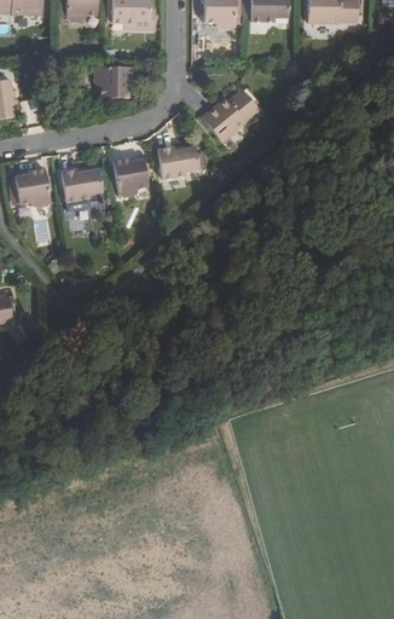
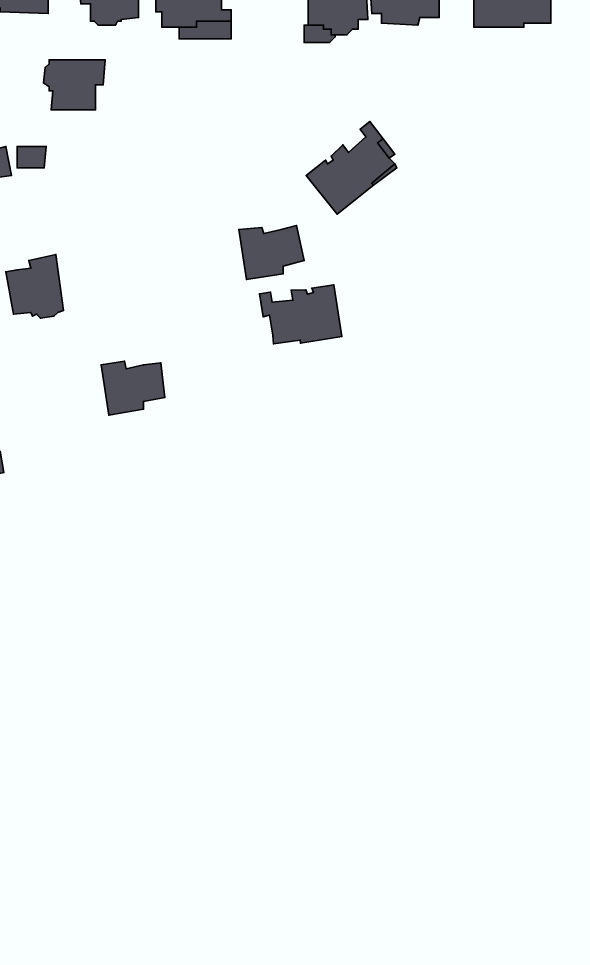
building: [95,66,134,98] -> [43,60,105,110]
building: [111,150,147,189] -> none
building: [62,169,102,203] -> [101,361,165,415]
building: none -> [260,285,342,344]

